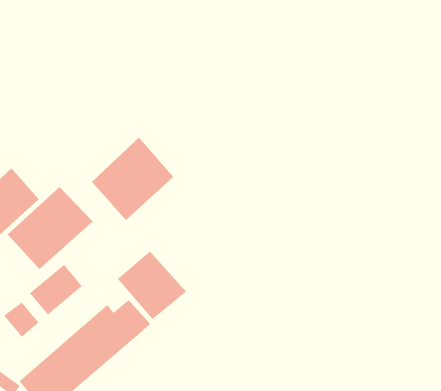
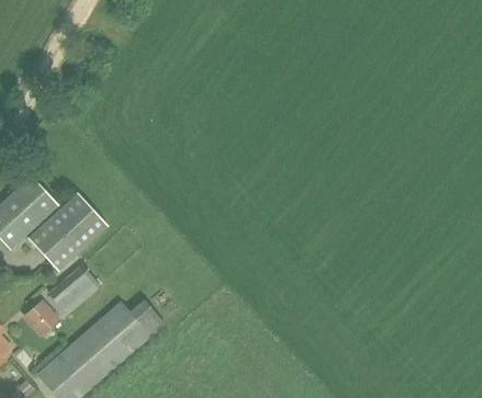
building: [91,137,174,221] -> none
building: [117,250,187,320] -> none

